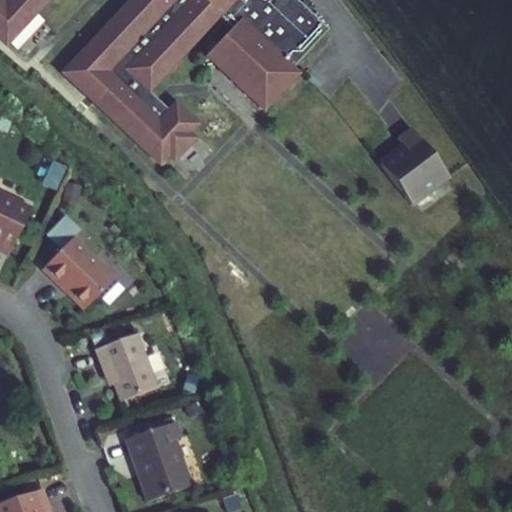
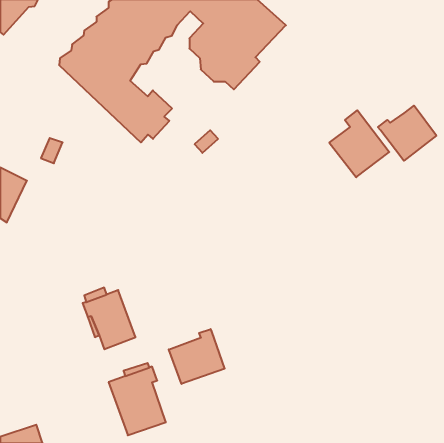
building: none -> [378,106,436,161]
building: [43,217,114,309] -> none
building: none -> [169,329,225,384]

